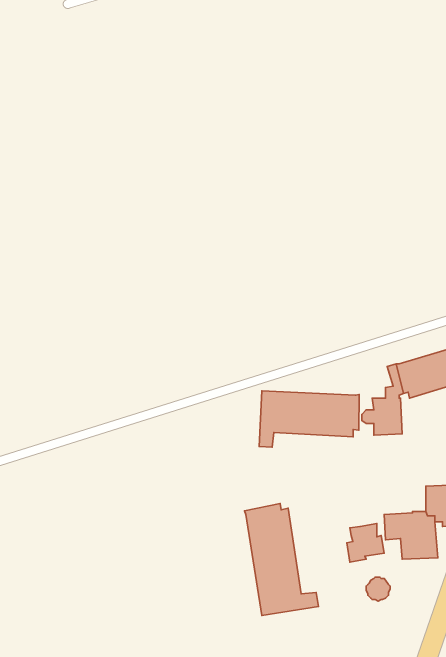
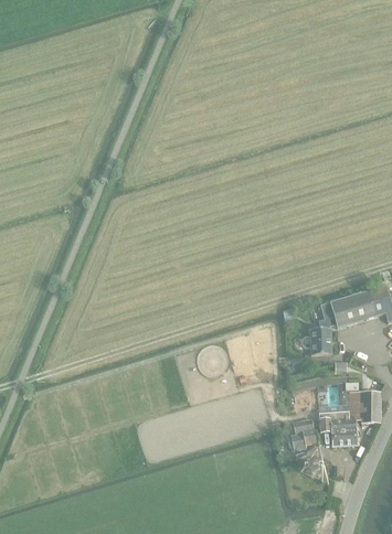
building: [259,391,359,447] -> none
building: [244,504,318,615] -> none

